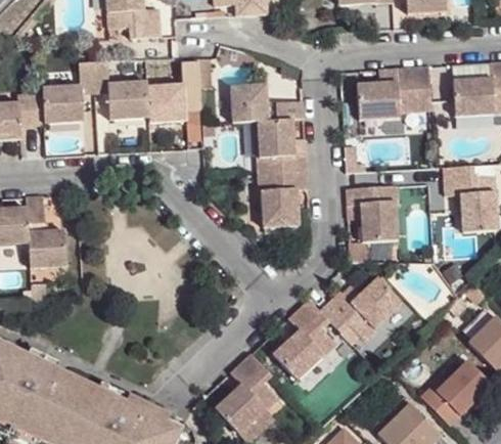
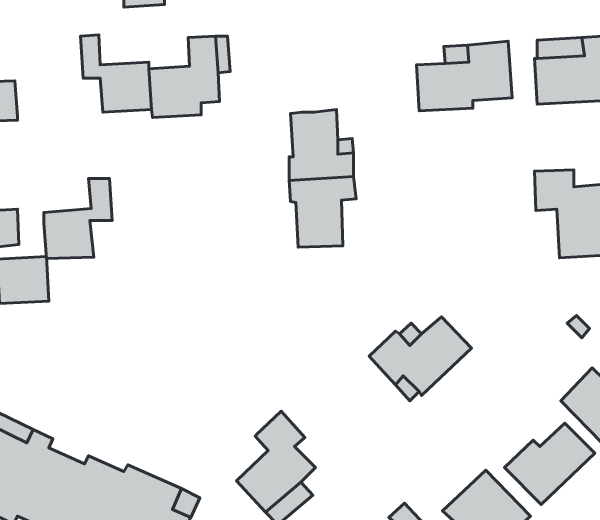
building: [43,61,96,124] -> [44,178,112,258]
building: [229,84,304,123] -> none
building: [347,185,401,240] -> none
building: [273,300,333,379] -> none

